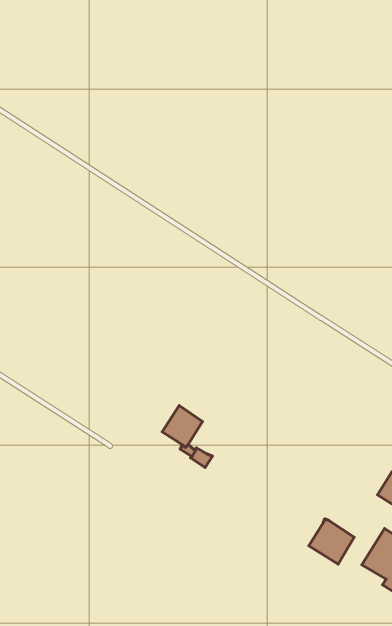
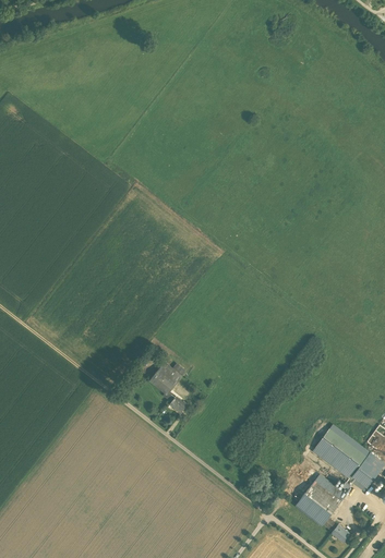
building: [309,519,354,564] -> none

